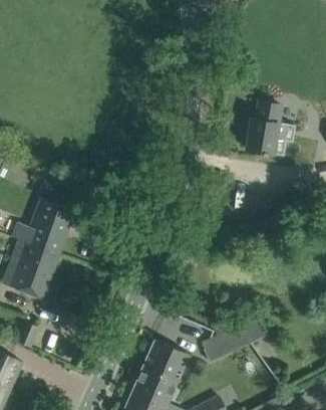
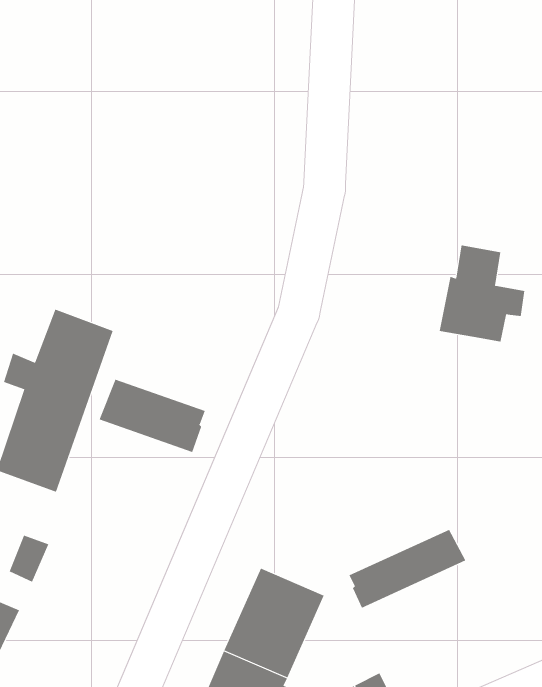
building: [247,100,294,154] -> [439,245,525,342]
building: none -> [99,379,206,453]

